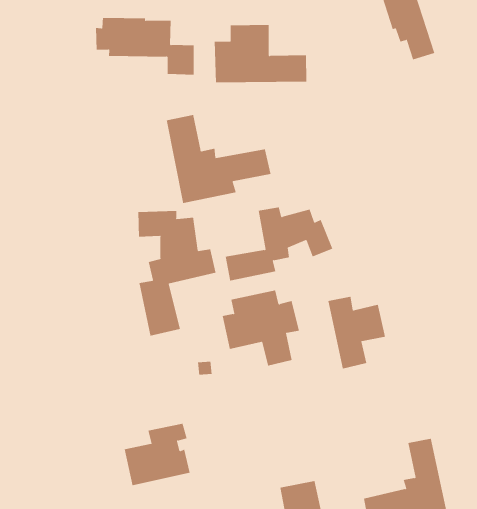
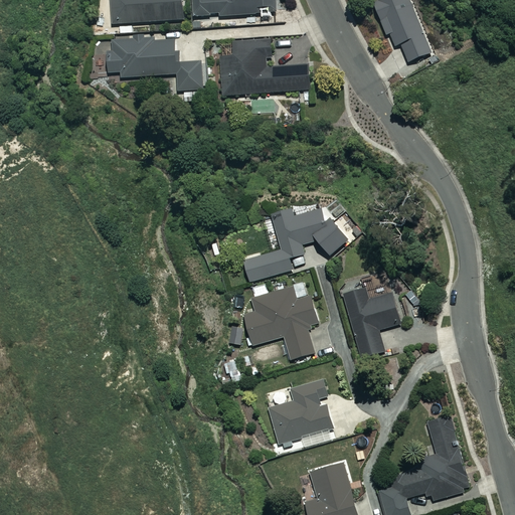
building: [166,114,271,204] -> none
building: [138,210,216,336] -> none
building: [124,423,191,486] -> [268,380,332,443]

